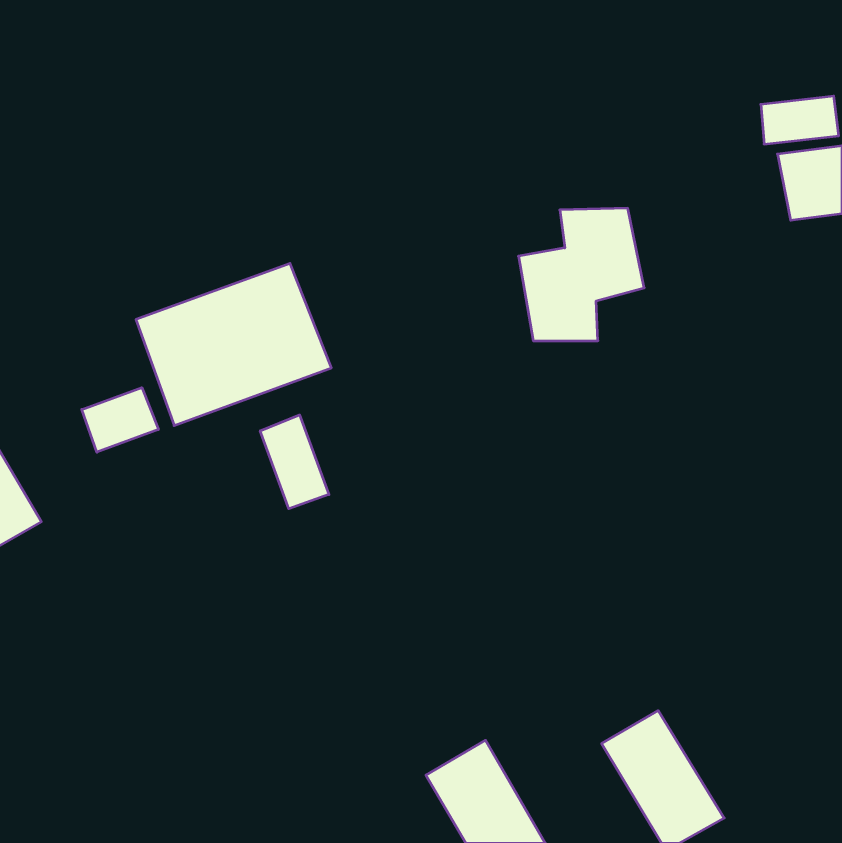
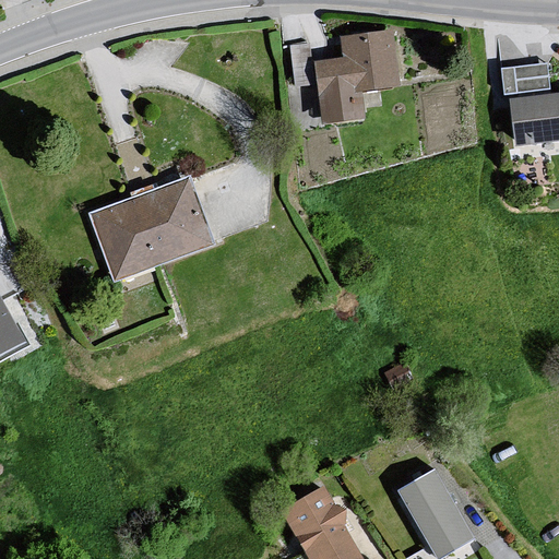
building: [518,208,644,341] -> [314,33,397,120]
building: [82,388,158,452] -> none
building: [260,415,329,509] -> none

